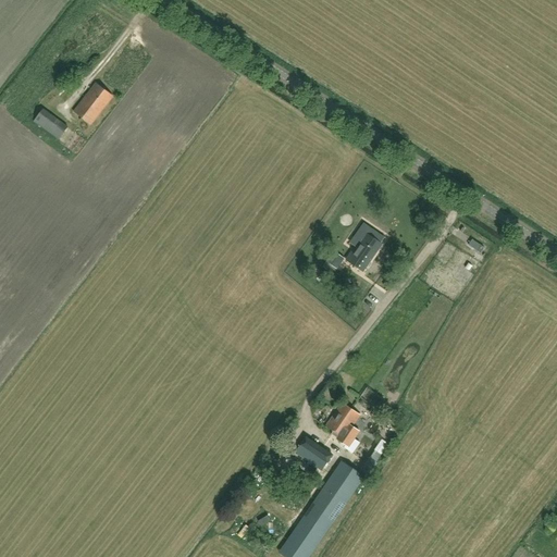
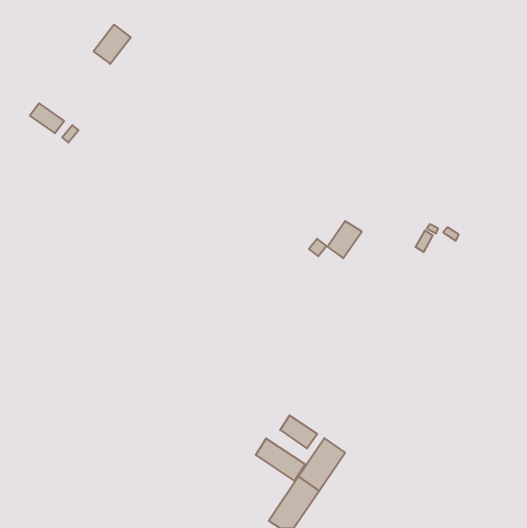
building: [73,83,112,124] -> [94,25,131,64]
building: [325,403,359,447] -> none
building: none -> [256,438,305,481]

